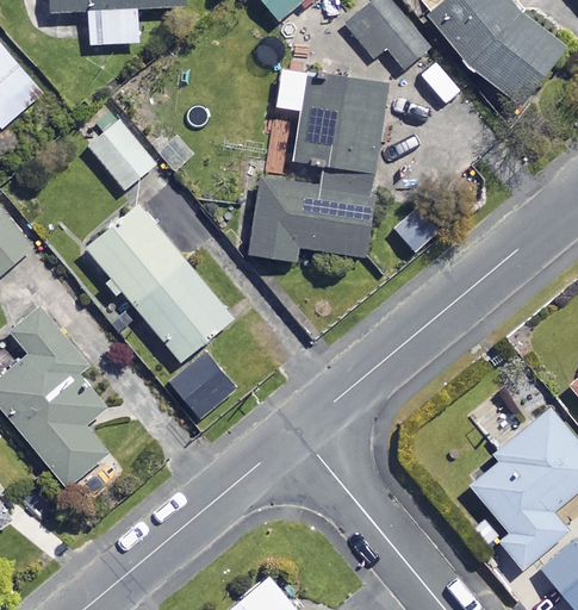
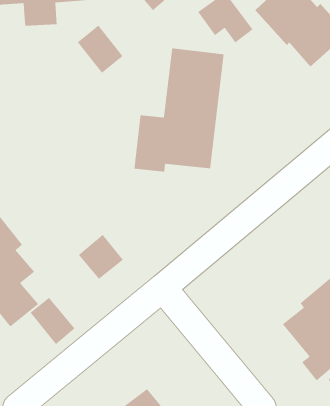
building: [86,117,155,189] -> [77,25,124,74]
building: [87,205,232,361] -> none
building: none -> [29,297,76,345]

